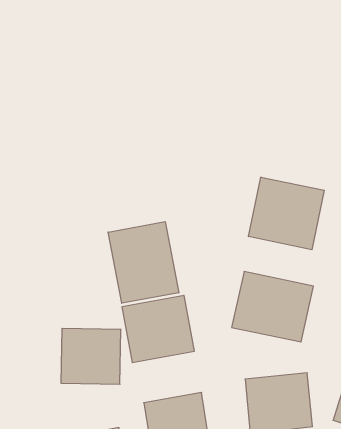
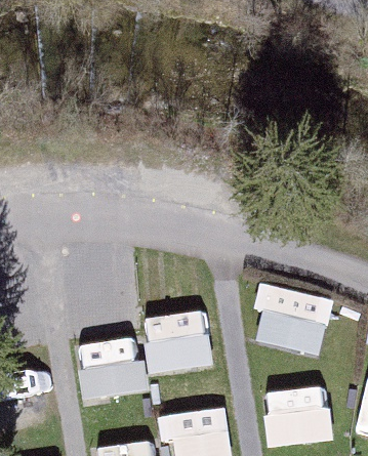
building: [248,177,324,250] -> none
building: [108,222,179,303] -> none

